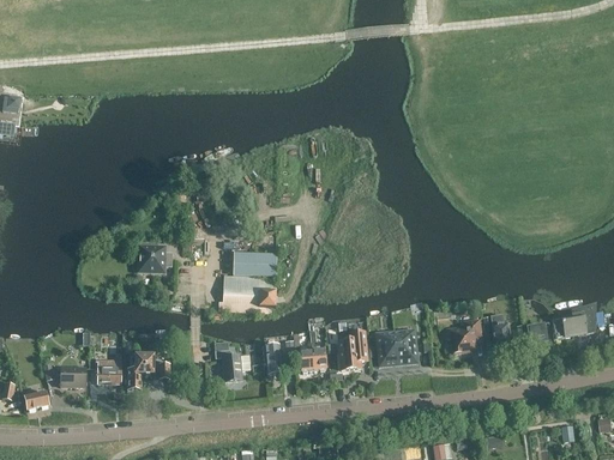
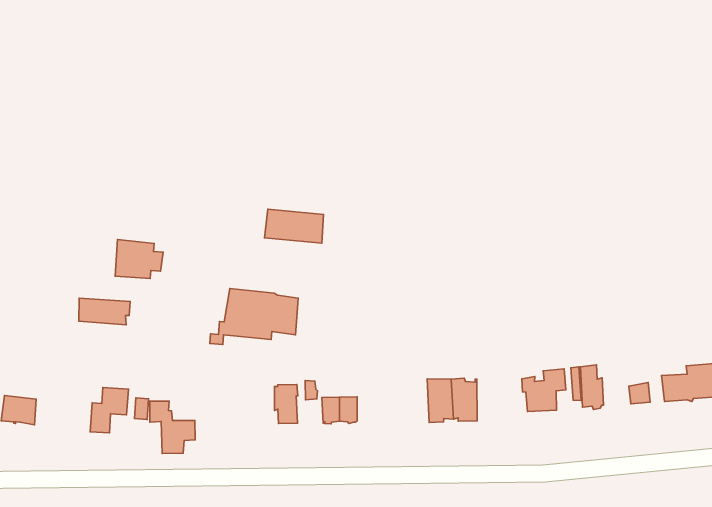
building: [231,253,275,276] -> [264,209,324,243]
building: none -> [79,298,130,325]
building: [337,332,366,369] -> none
building: [212,341,248,381] -> [150,401,195,454]
building: [95,359,120,383] -> none

